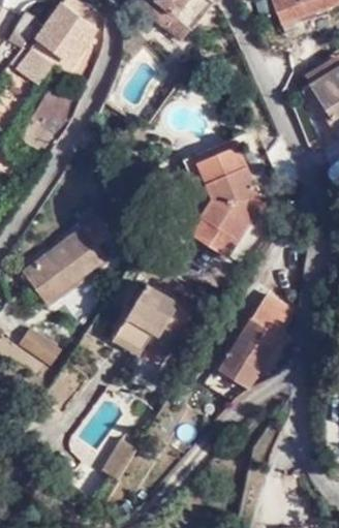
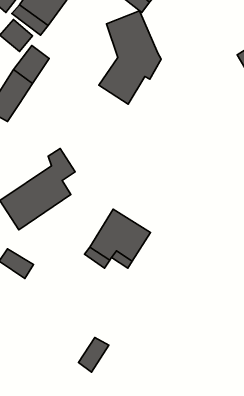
building: [191,144,266,255] -> [99,11,161,104]
building: [223,293,291,389] -> none

